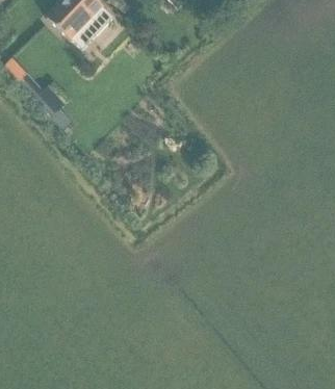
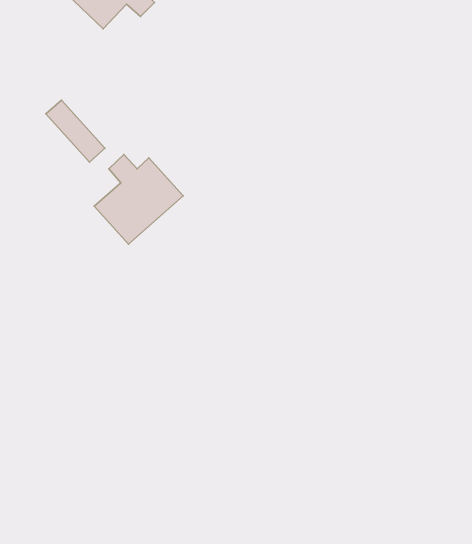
building: none -> [94,155,183,244]

